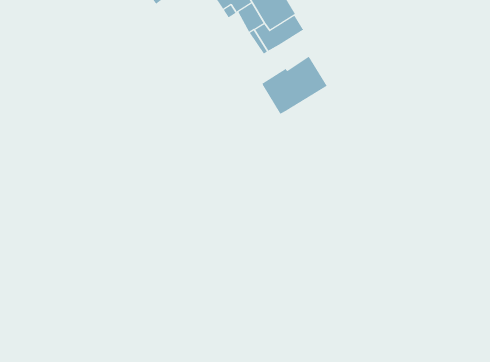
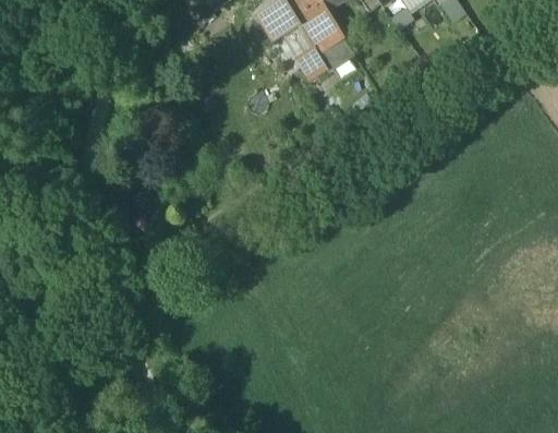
building: [262,56,327,114] -> none

